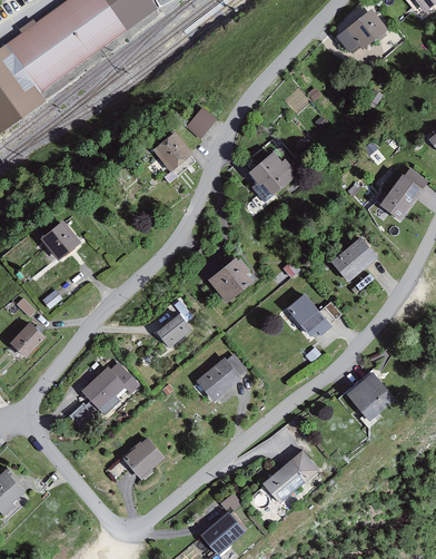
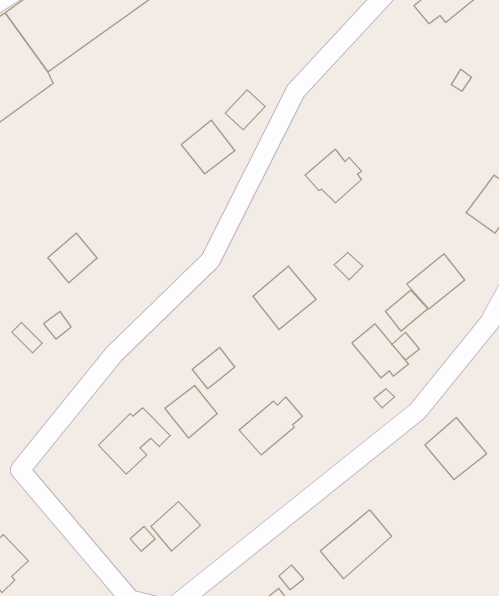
building: none -> [385,290,428,331]
building: [9,324,44,360] -> none
building: none -> [165,385,217,438]

